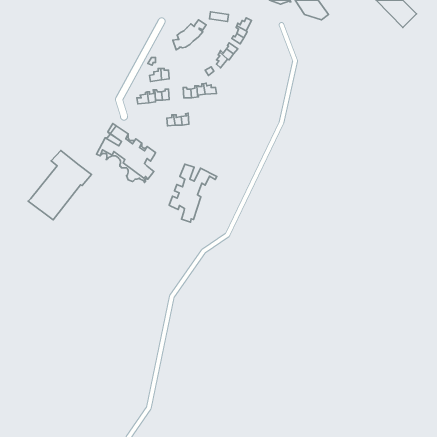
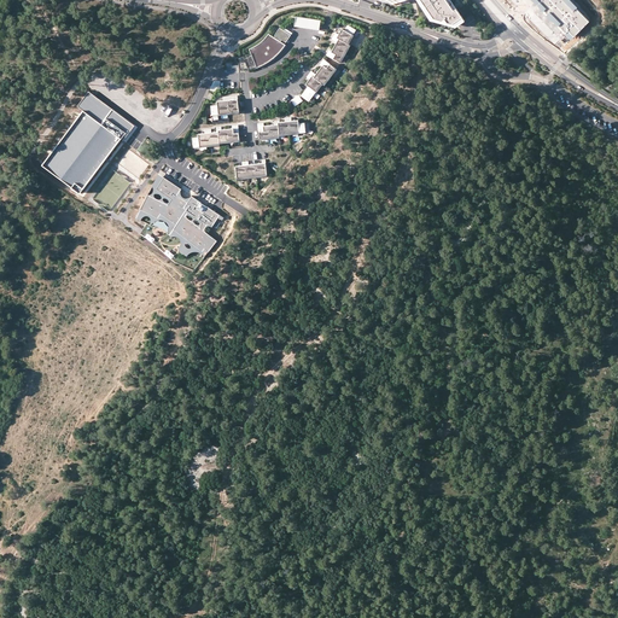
building: [28,151,92,220] -> [42,91,132,188]
building: [169,164,217,222] -> none

